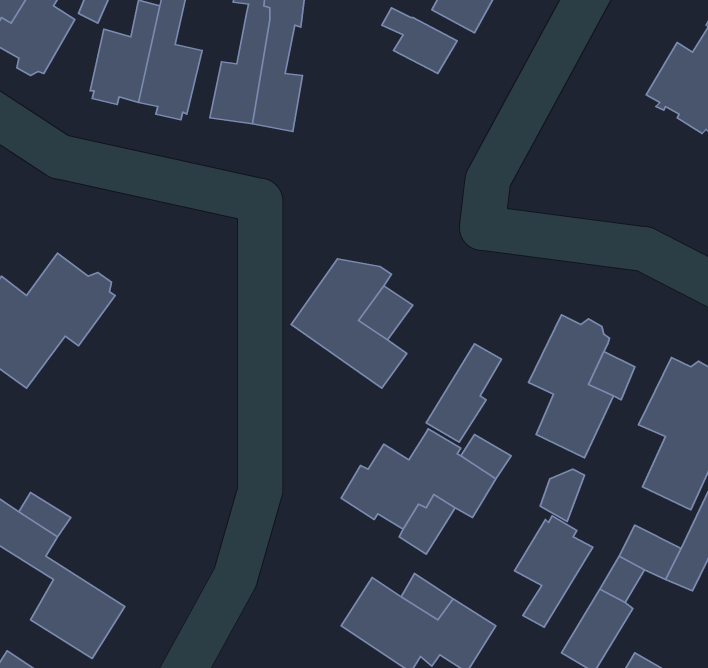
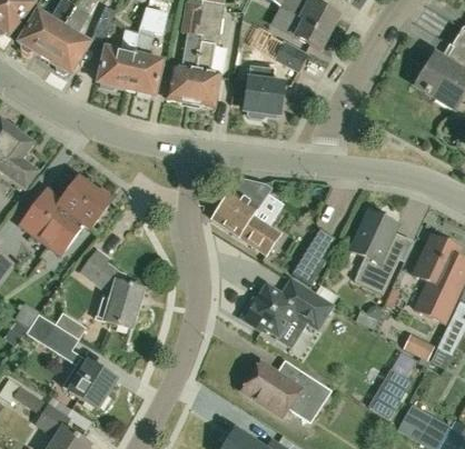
building: none -> [235,63,283,118]
building: none -> [81,249,142,329]
building: [514,516,593,627] -> none

